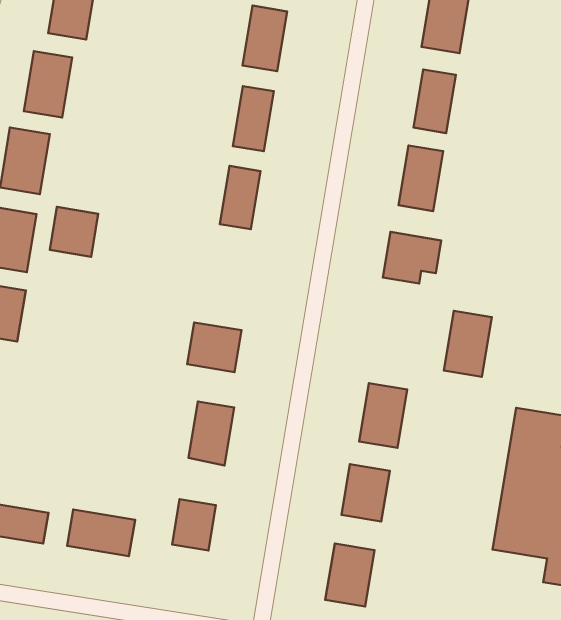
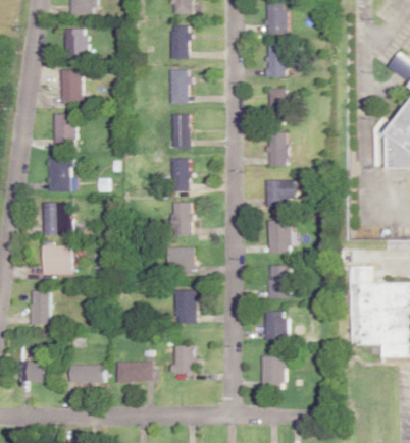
building: [50,207,98,257] -> none
building: none -> [171,202,191,235]
building: [444,311,492,377] -> [267,220,289,254]

